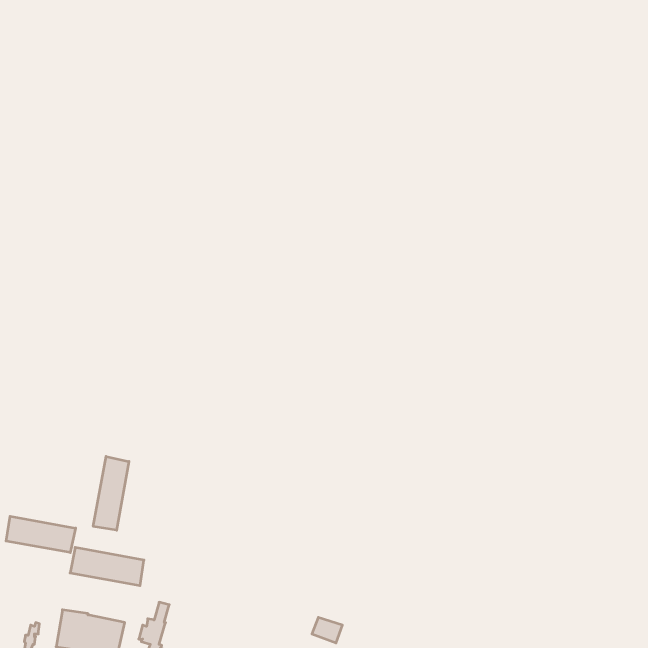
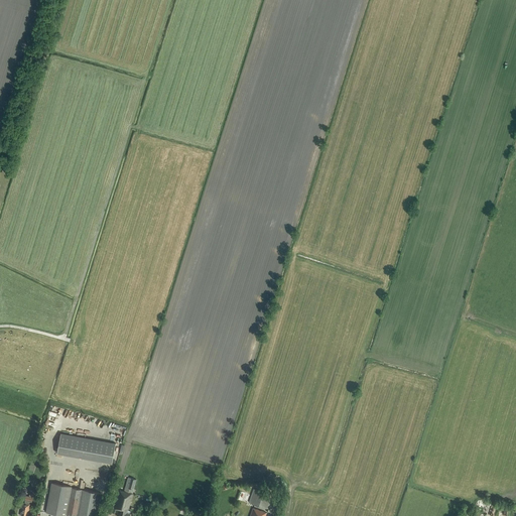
building: [93,456,129,530] -> none
building: [6,516,76,553] -> none

